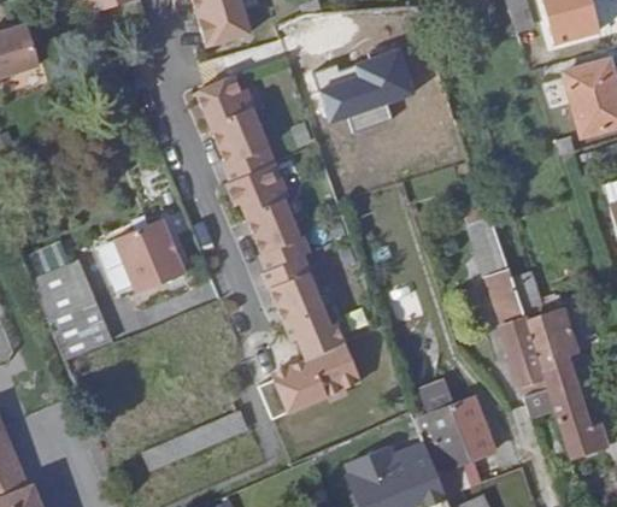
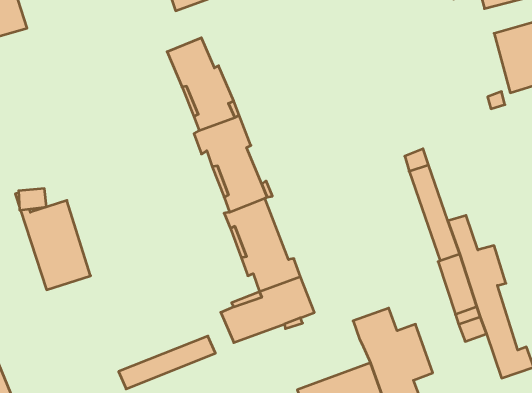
building: [313,43,417,123] -> none
building: [110,206,180,279] -> none

